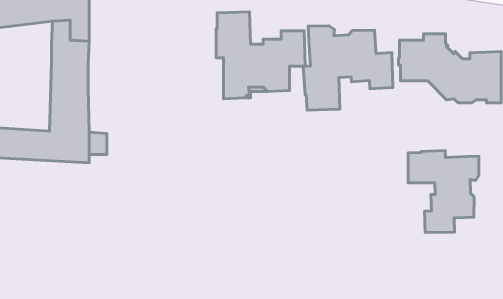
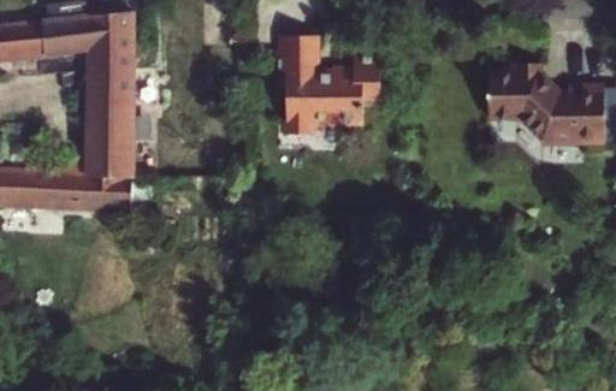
building: [303,26,393,110] -> none
building: [408,151,479,232] -> none

